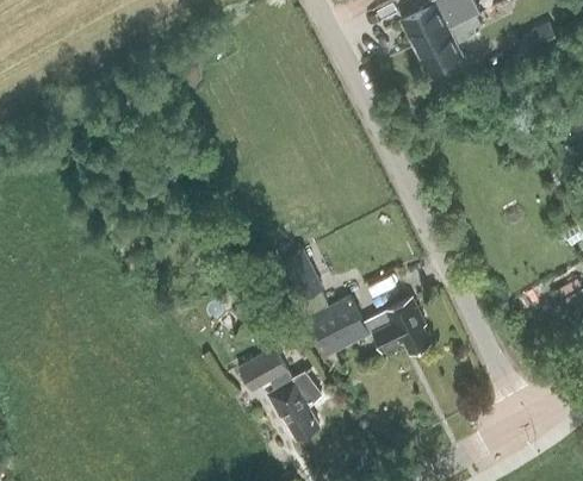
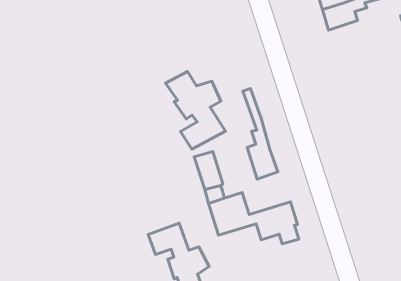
building: none -> [166,72,226,149]
building: none -> [243,89,278,179]

